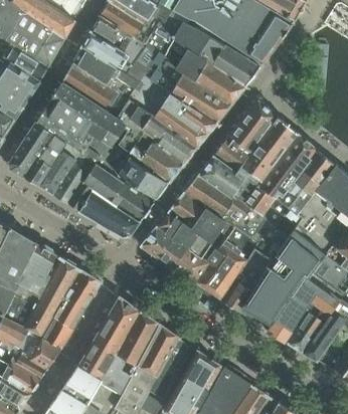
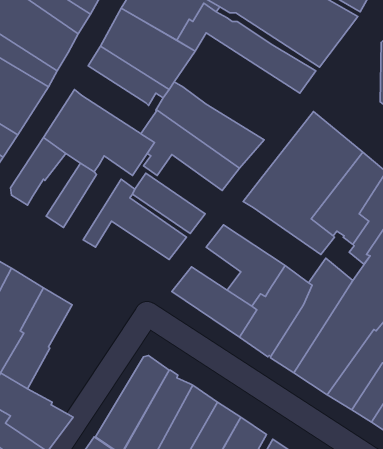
building: [144,36,246,124] -> none
building: [62,63,123,119] -> none
building: [24,135,67,186] -> none
building: [130,136,183,181] -> none
building: [53,144,101,205] -> none
building: [184,174,268,240] -> none
building: [79,190,140,237] -> none
building: [158,211,198,246] -> none
building: [24,258,102,350] -> none

